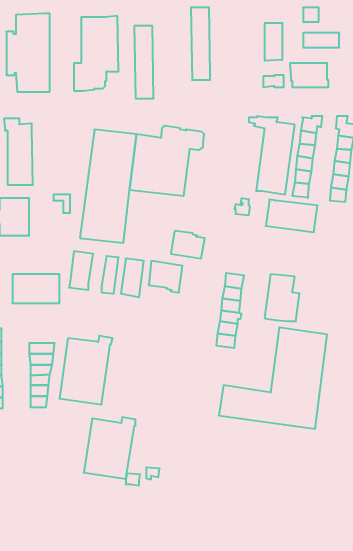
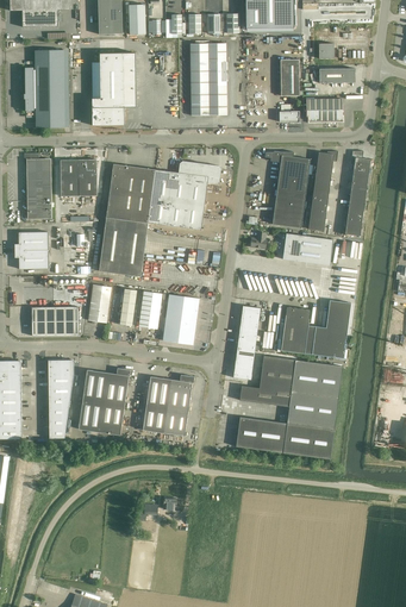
building: [134,26,154,98] -> [189,43,208,114]
building: none -> [60,158,96,195]
building: [171,231,205,259] -> [162,317,195,344]
building: none -> [311,299,350,357]
building: none -> [238,355,294,406]
building: [84,417,136,479] -> [142,374,193,434]

